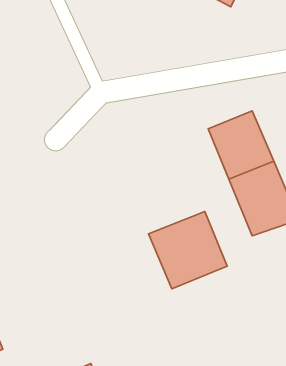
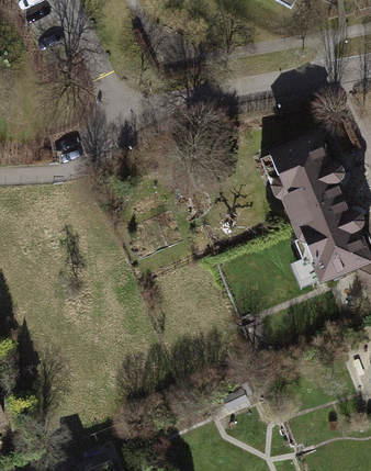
building: [148,212,227,289] -> none

